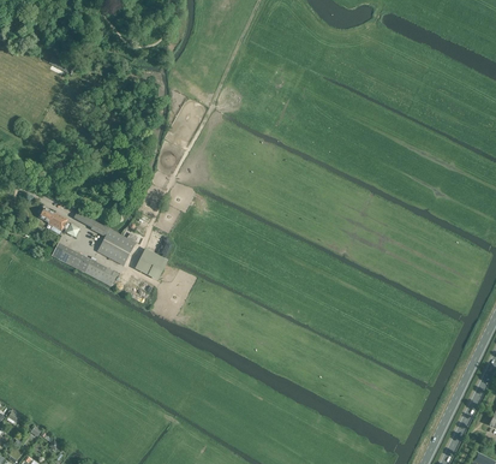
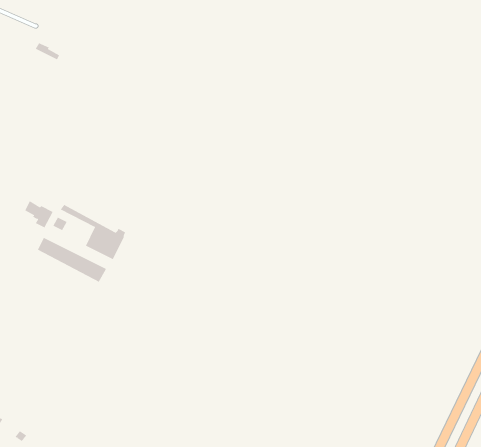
building: [136,248,169,280] -> none

